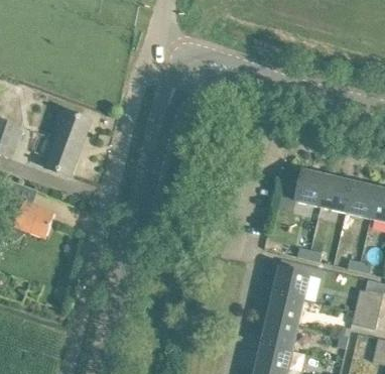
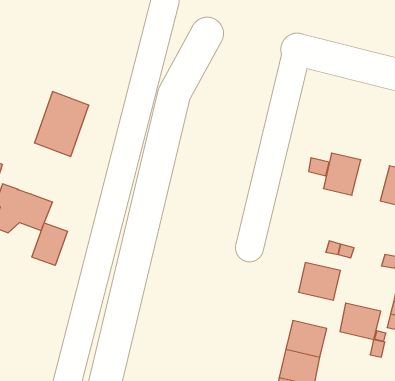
building: [320,175,354,212] -> none
building: none -> [32,223,68,265]
building: [268,292,304,325] -> [340,303,381,340]

